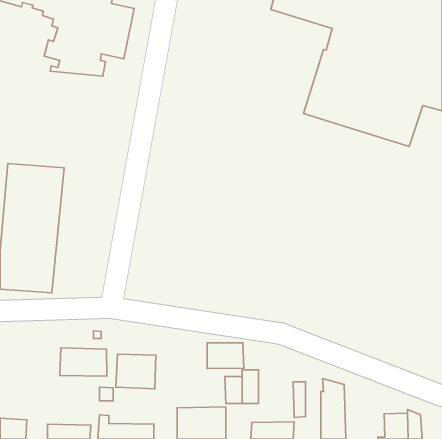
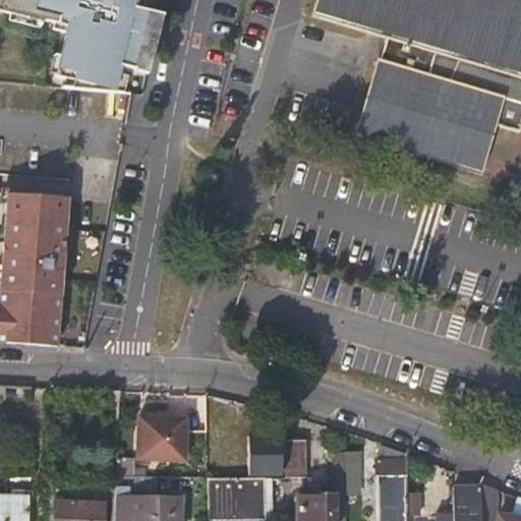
building: [207,343,244,369] -> none
building: [60,348,107,376] -> none

